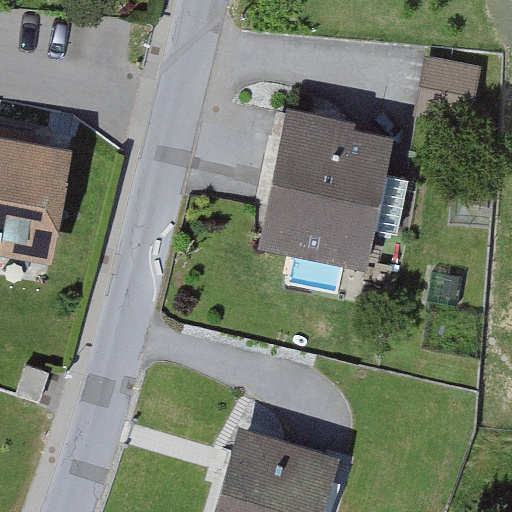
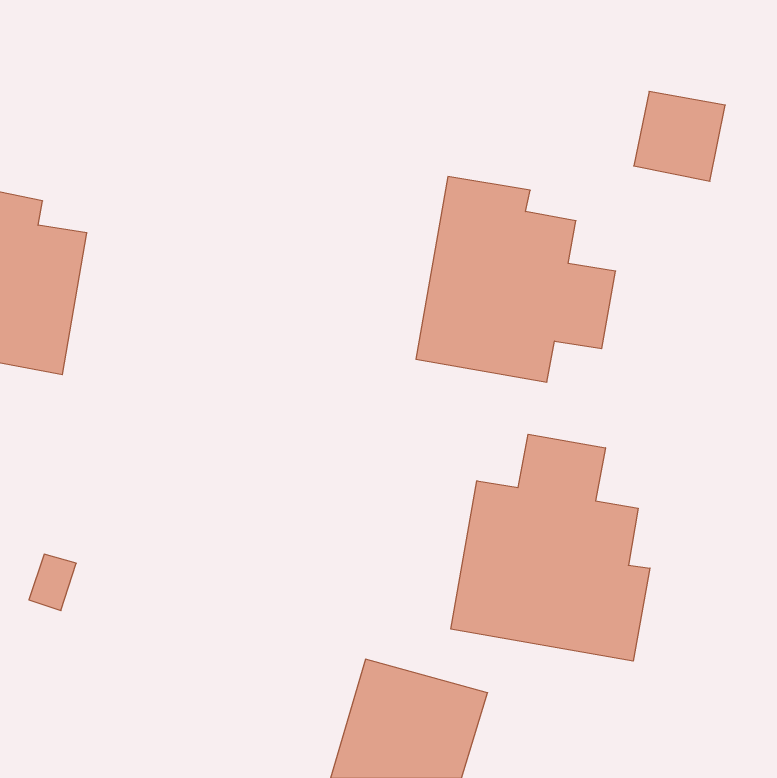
building: none -> [451,434,650,661]

